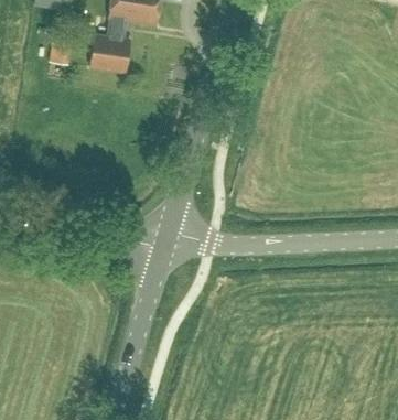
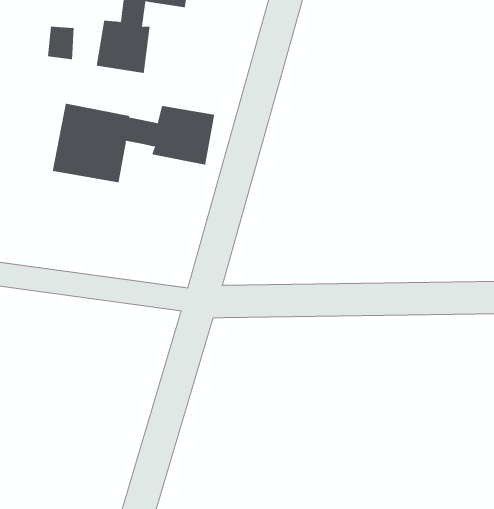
building: none -> [52,103,215,183]

